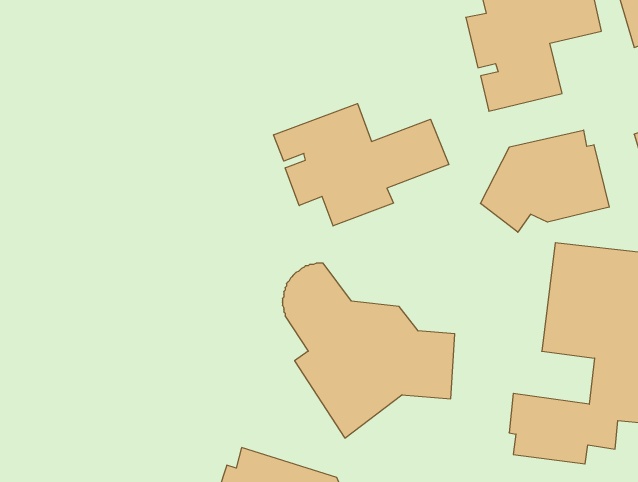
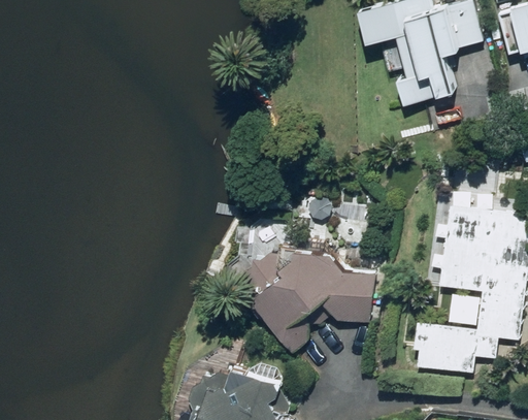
building: [274,104,449,226] -> none
building: [480,130,609,232] -> none

